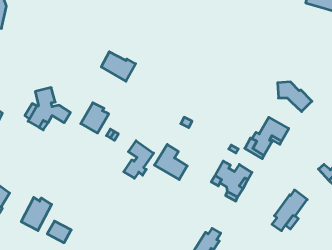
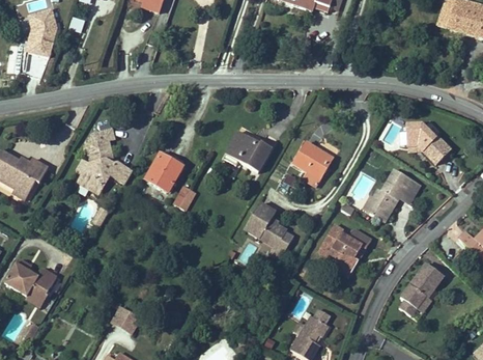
building: [101,52,136,81] -> [226,136,271,174]
building: none -> [292,146,335,185]
building: [124,141,154,178] -> none
building: [21,197,52,231] -> none

